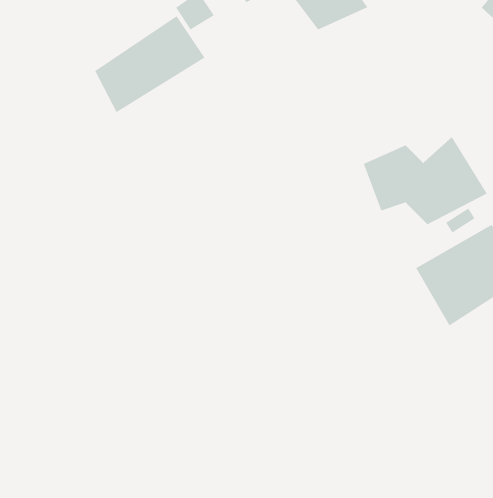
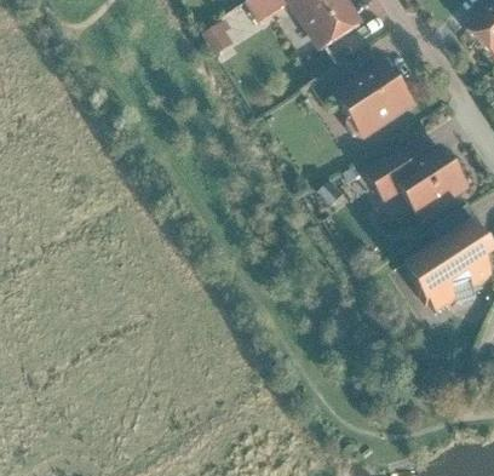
building: [94,15,205,113] -> none
building: none -> [309,59,420,136]

